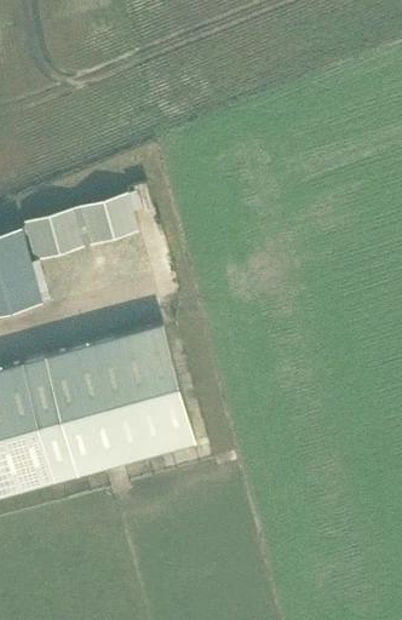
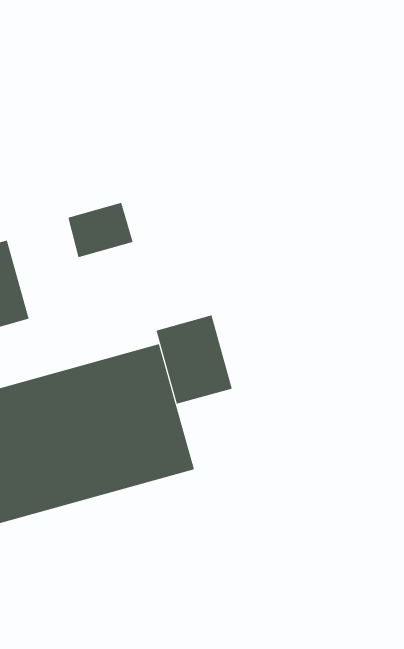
building: [23,208,85,260] -> none
building: none -> [156,315,232,405]

